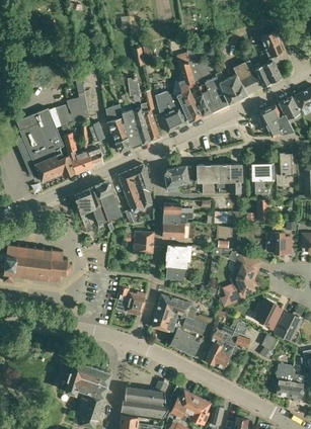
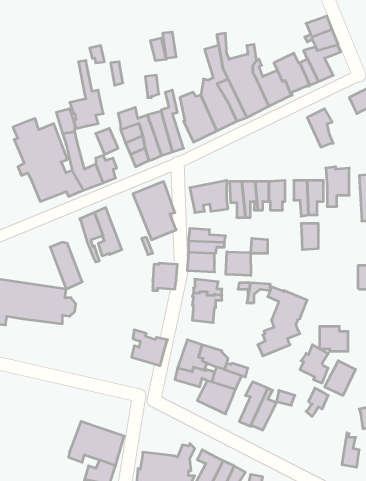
building: [275,97,302,134] -> none
building: [95,182,122,221] -> [50,242,82,289]
building: none -> [226,252,251,276]
building: [267,233,291,253] -> [320,326,348,351]
building: [276,364,293,397] -> none

